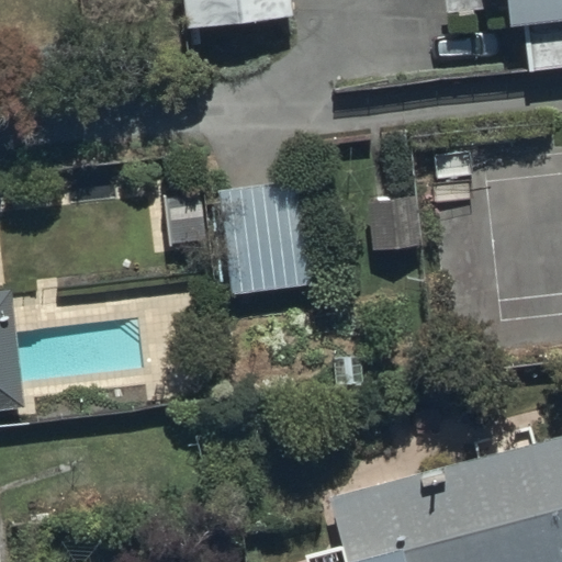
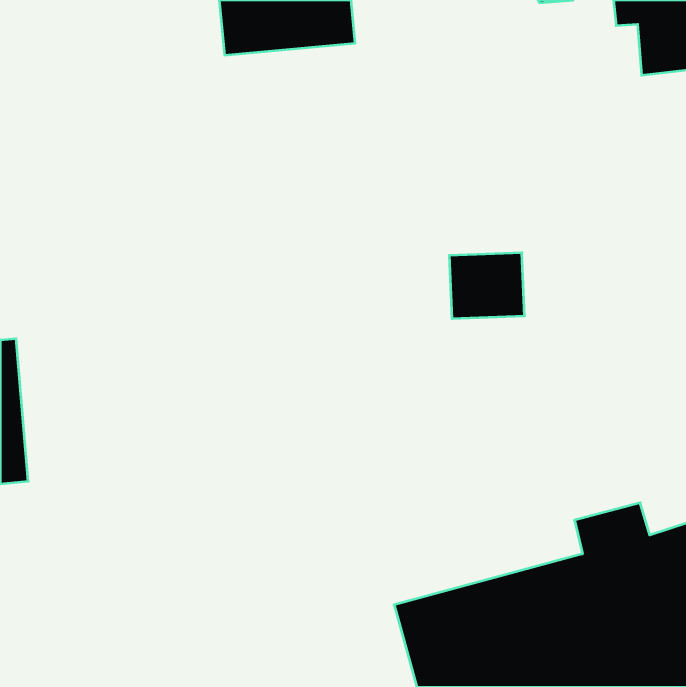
building: [221,191,324,306] -> none

